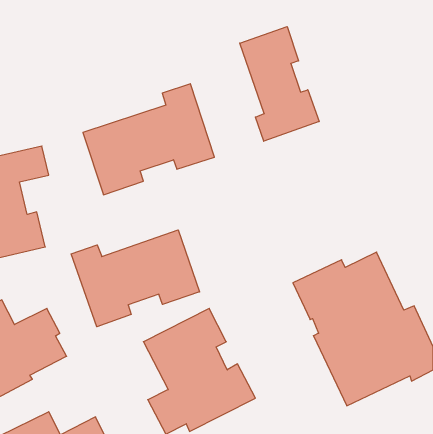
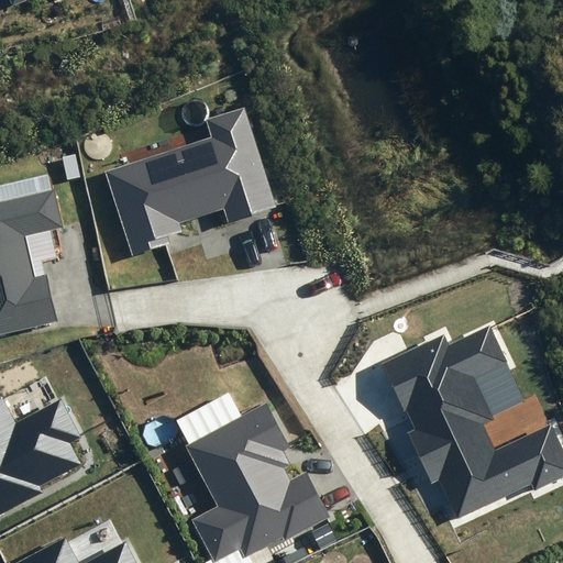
building: [240,27,319,141] -> none
building: [71,230,200,327] -> none

